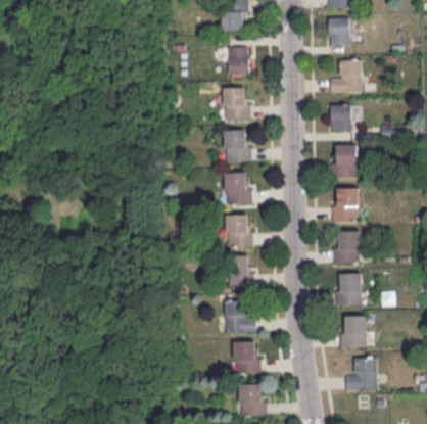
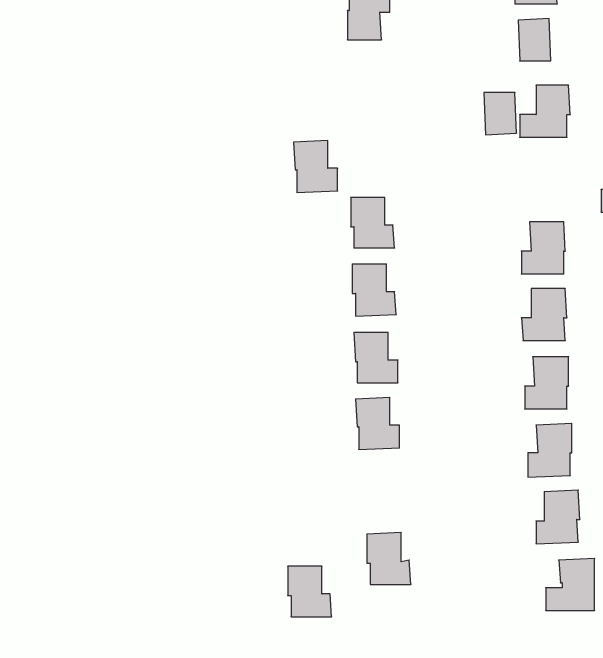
building: [227,47,246,73] -> none
building: [222,87,249,120] -> [294,141,338,193]
building: [330,105,350,132] -> [484,93,517,135]
building: [224,300,250,332] -> none
building: [239,383,267,415] -> [288,566,332,617]

